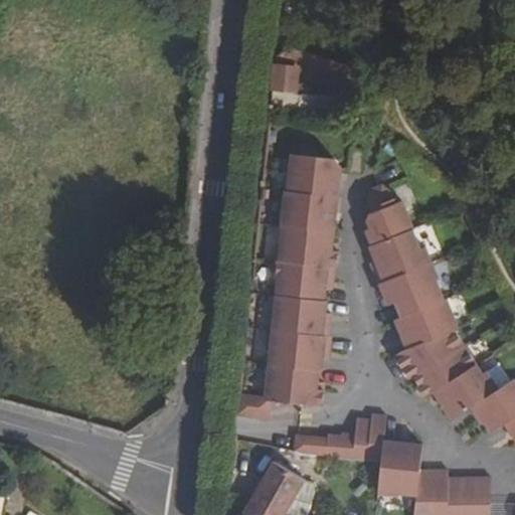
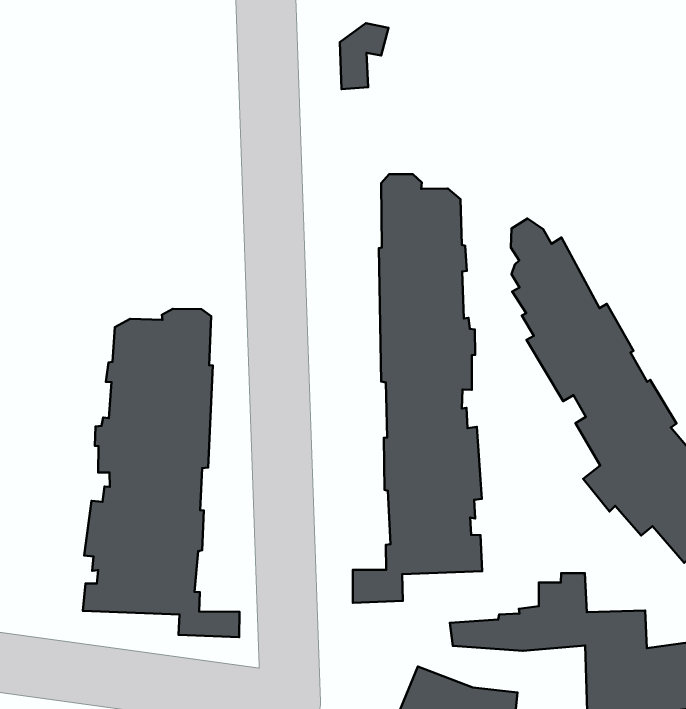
building: none -> [83,309,239,637]

